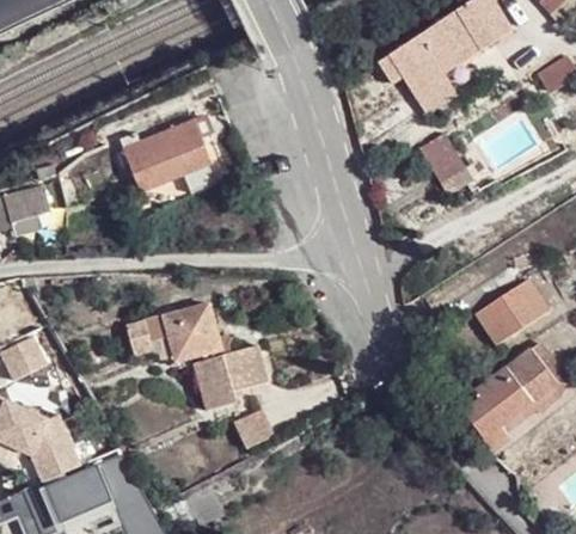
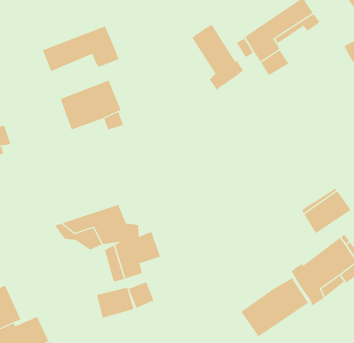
building: none -> [192,24,243,91]
building: none -> [42,26,119,72]
building: [423,135,470,185] -> none
building: none -> [241,277,309,337]
building: none -> [96,287,134,318]

